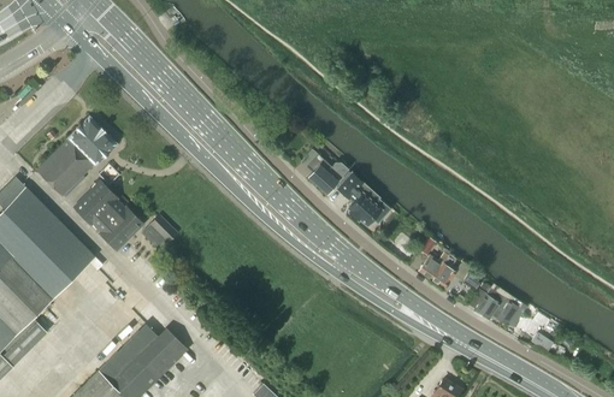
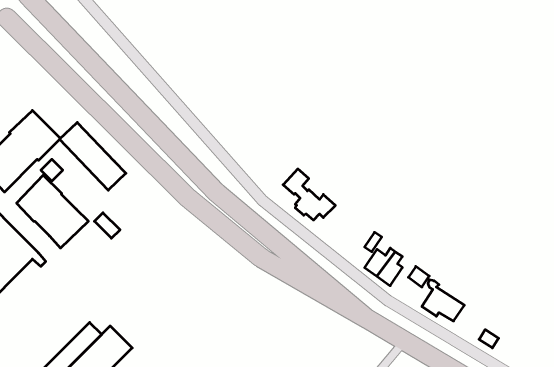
building: none -> [60,122,126,190]
building: [306,154,349,194] -> none

